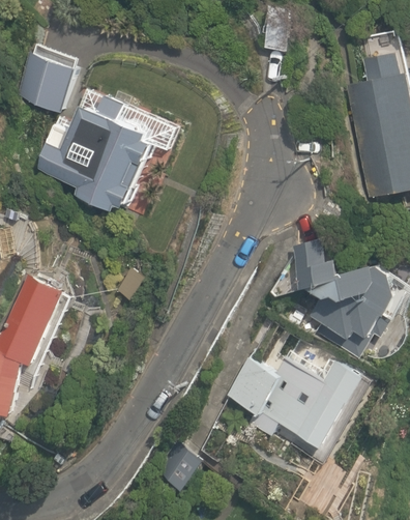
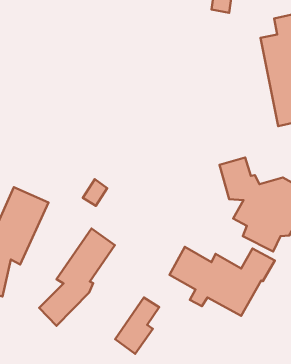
building: [13,52,78,115] -> none
building: [41,90,155,211] -> none
building: none -> [39,229,115,326]

